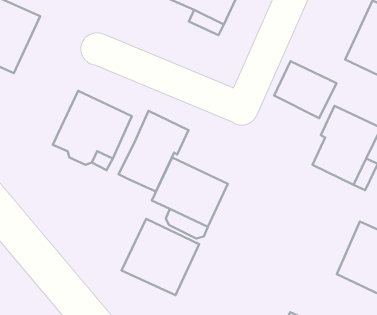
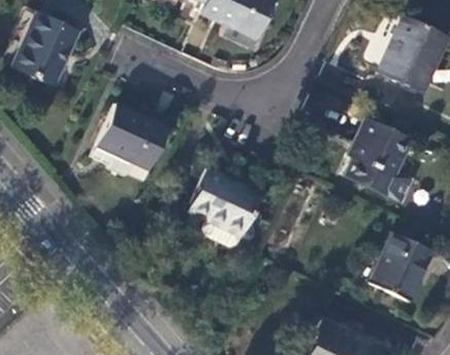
building: [274,61,336,118] -> none
building: [119,111,188,192] -> none
building: [122,219,199,295] -> none

